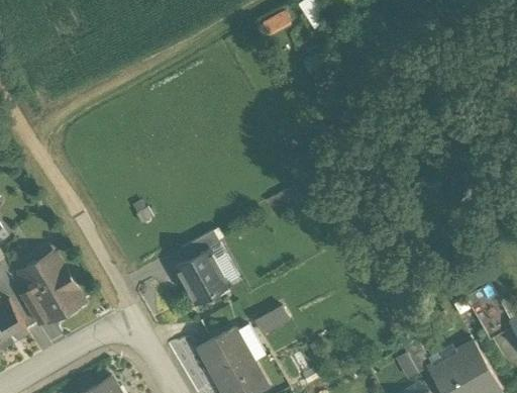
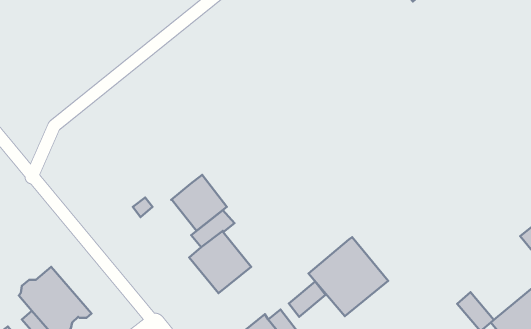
building: none -> [171,175,227,231]
building: none -> [308,237,388,316]

